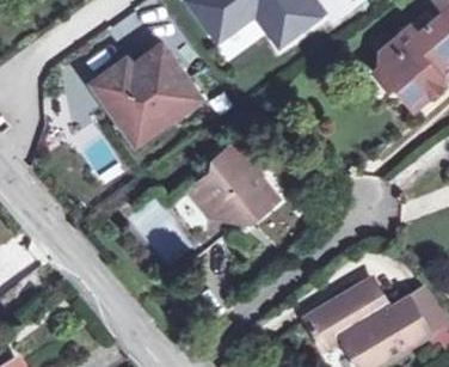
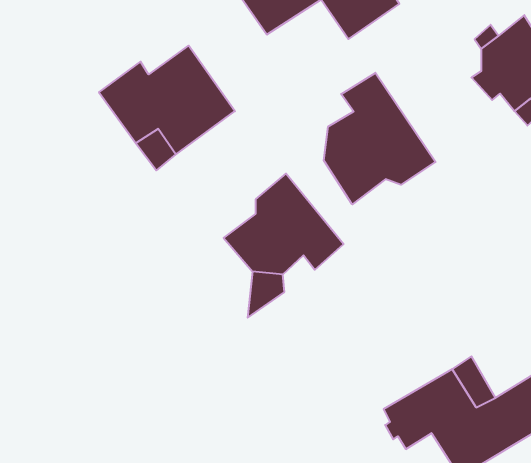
building: none -> [324,73,436,204]

